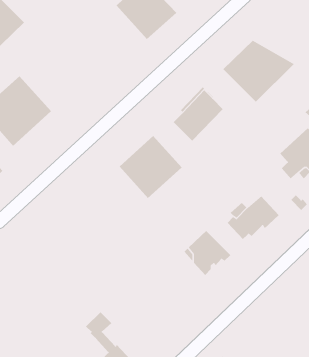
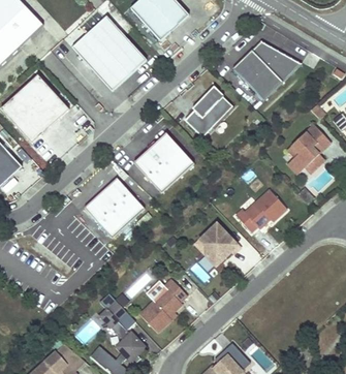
building: none -> [72,15,147,91]
building: none -> [85,178,145,238]
building: none -> [139,279,188,333]

